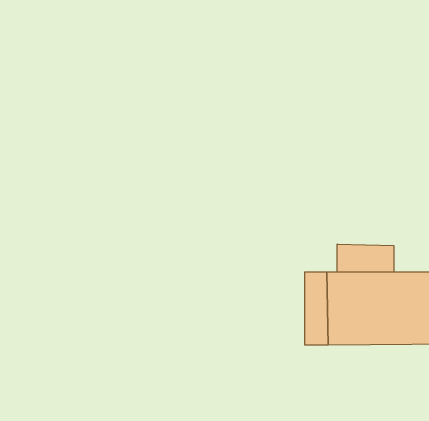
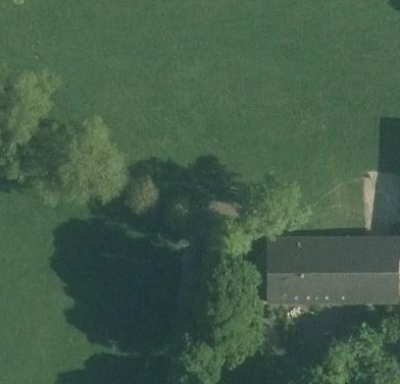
building: [337,244,394,272] -> none

